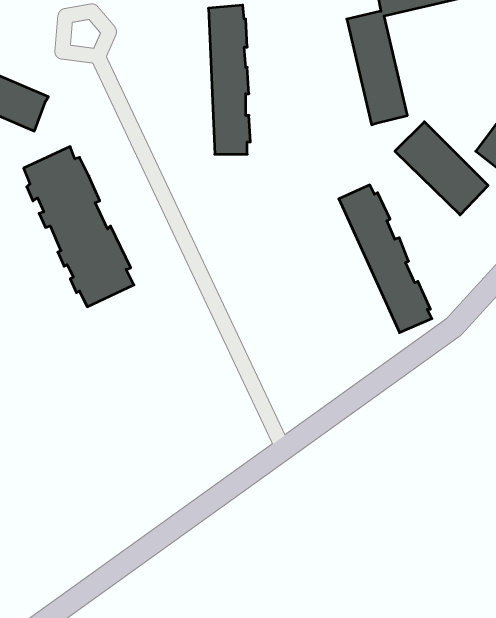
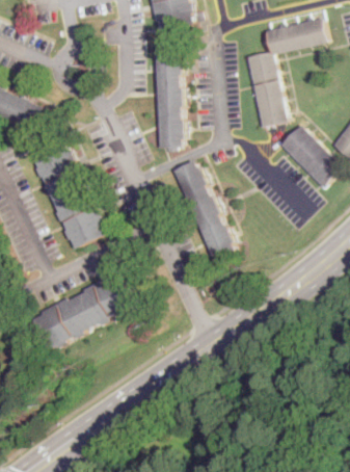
building: [339,185,432,333] -> [172,161,235,260]
building: none -> [30,270,135,349]

